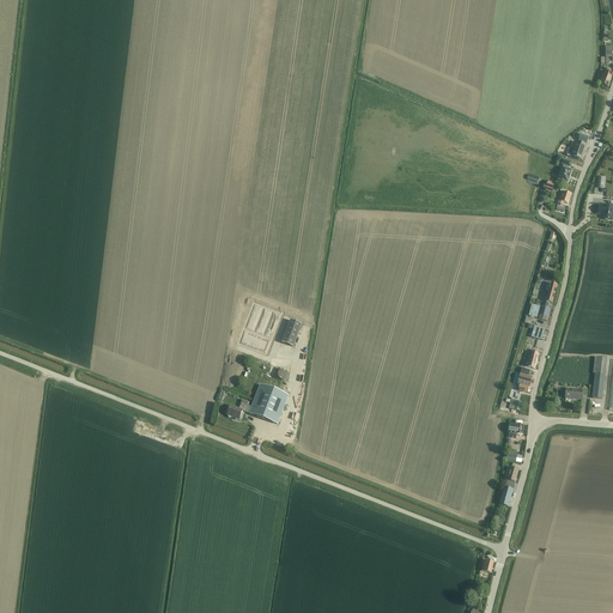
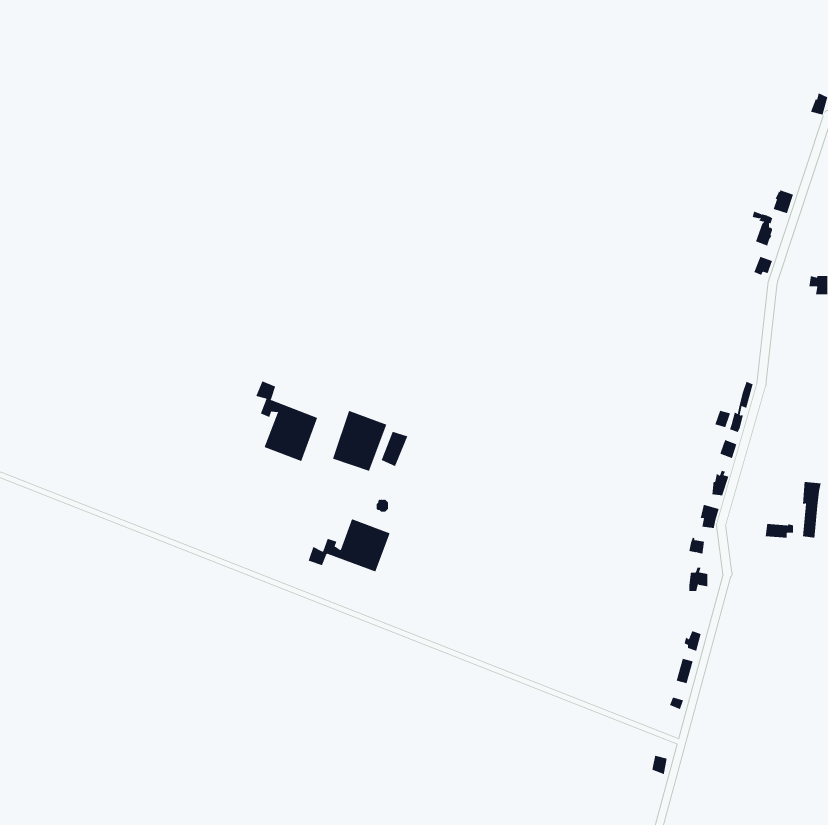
building: none -> [256,381,318,462]

